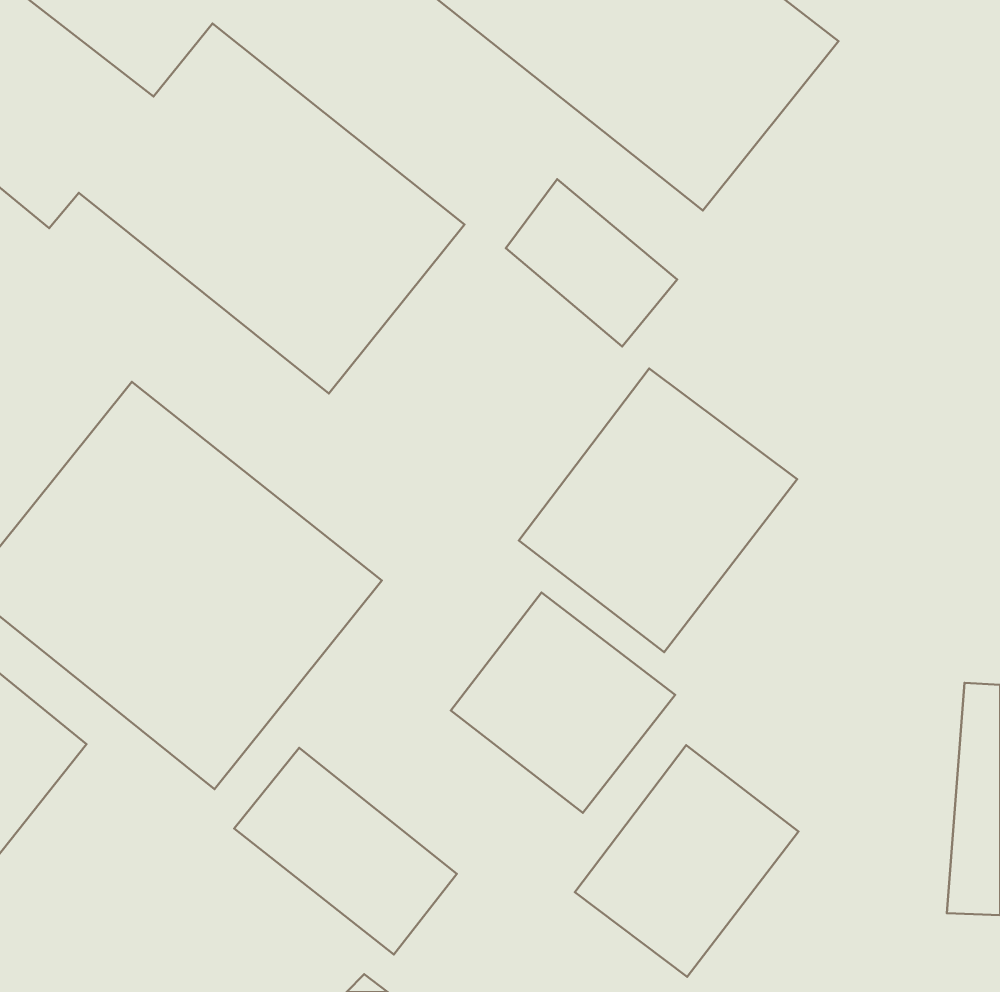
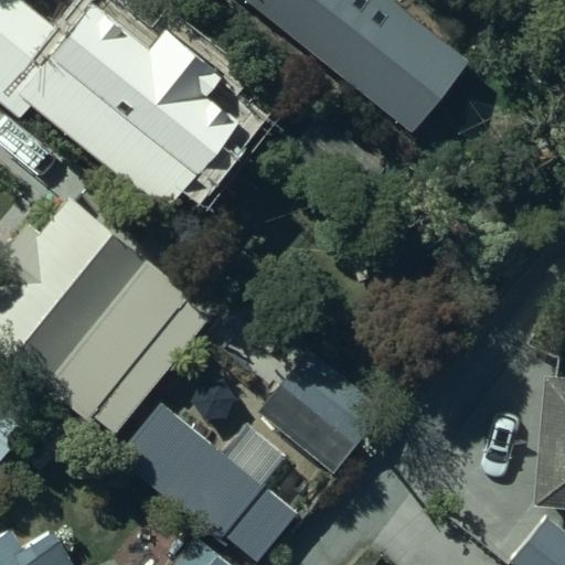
building: [519,368,797,652] -> none
building: [575,745,799,977] -> none

